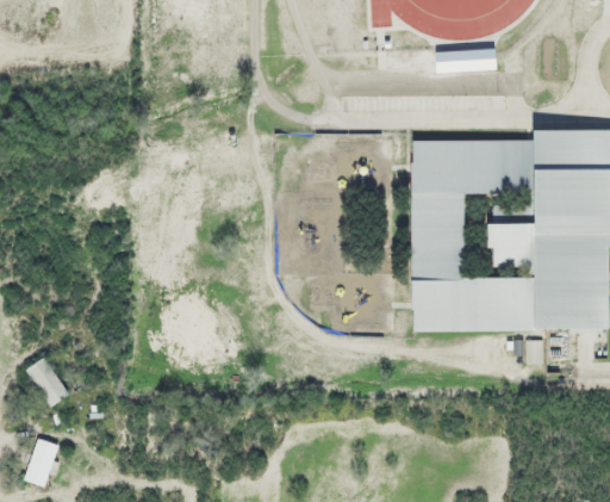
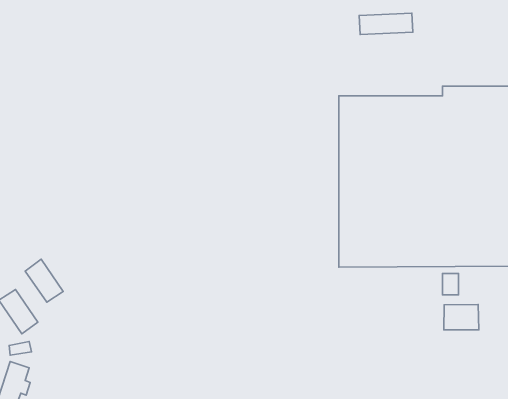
building: none -> [25,259,63,302]
building: none -> [444,304,479,330]

